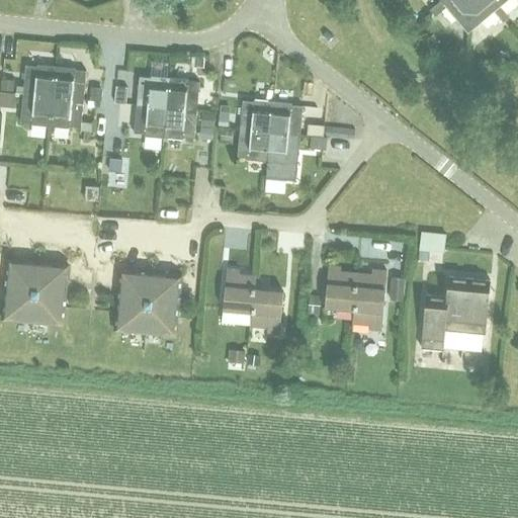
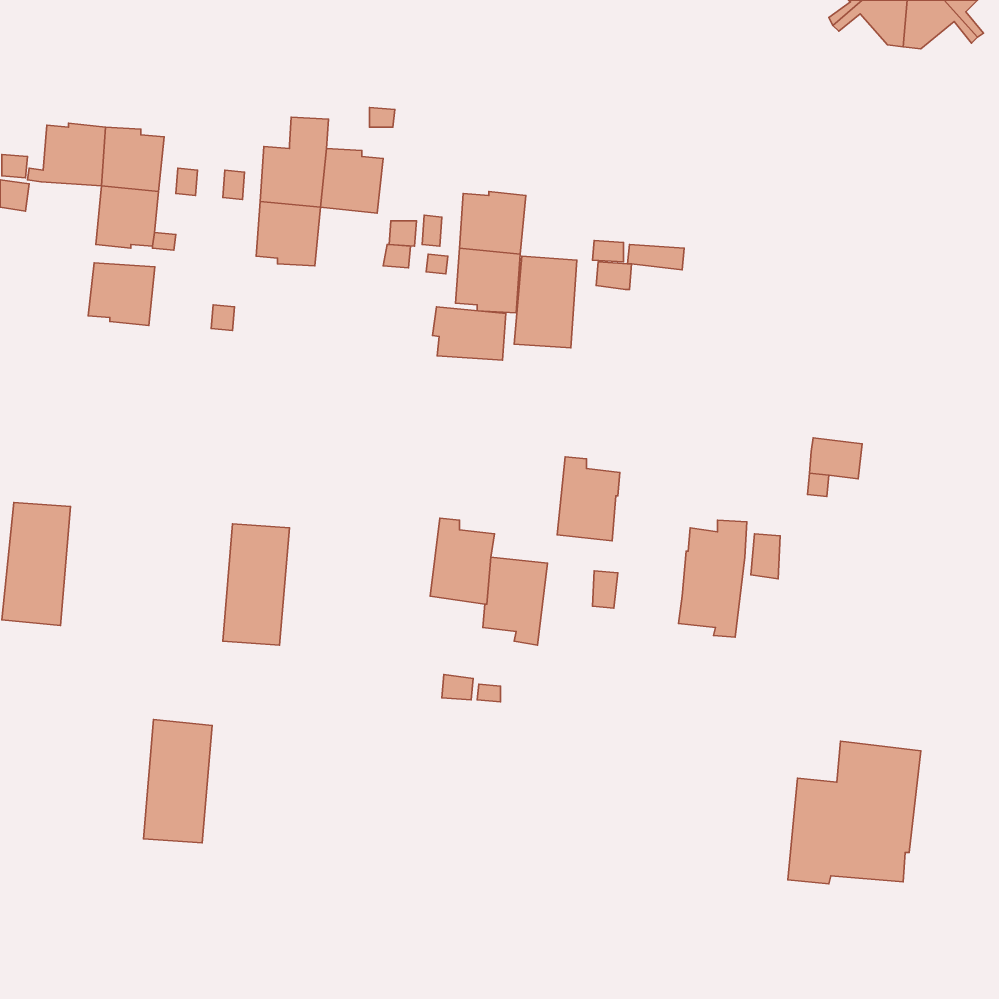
building: [18,94,53,126] -> [88,263,155,325]
building: [269,101,300,135] -> none
building: [163,107,195,140] -> none
building: none -> [432,307,506,360]
building: [31,262,67,326] -> [144,720,212,843]
building: [325,265,357,309] -> [557,457,620,541]
building: [145,273,179,337] -> none
building: [421,276,490,350] -> [788,741,921,884]

